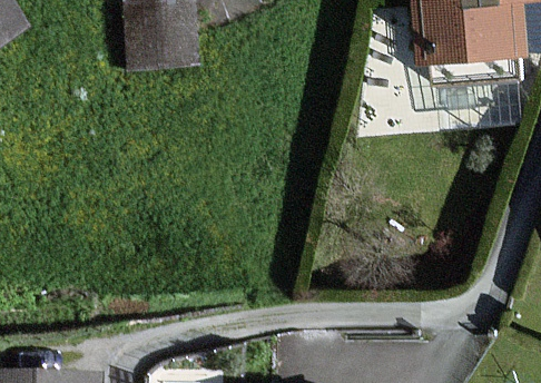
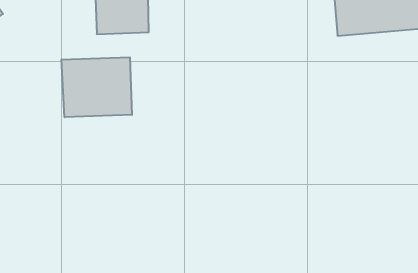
building: none -> [61,57,132,117]

